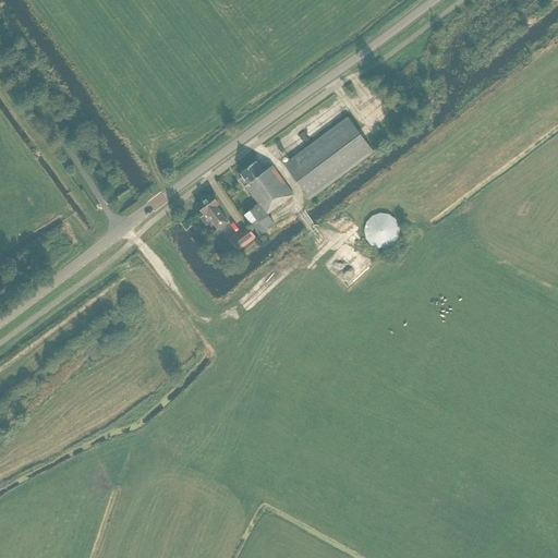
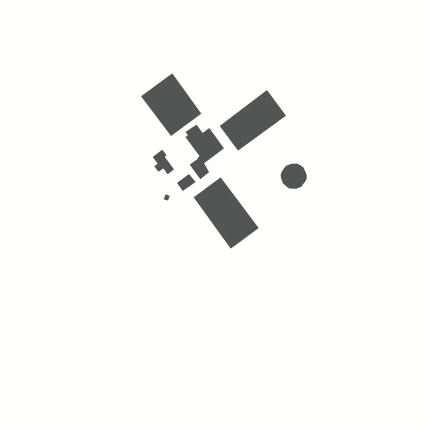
building: none -> [140,72,202,137]
building: none -> [193,176,260,250]

